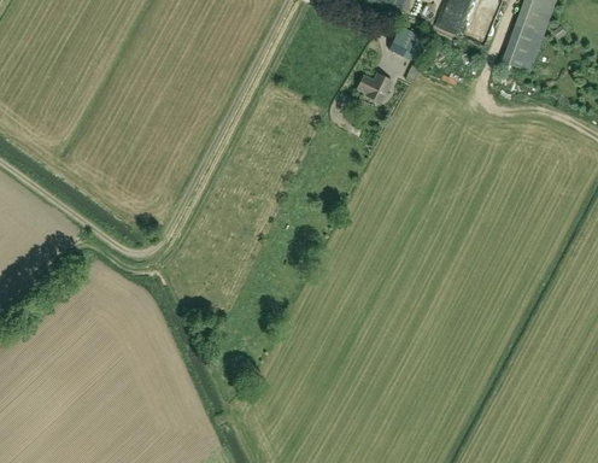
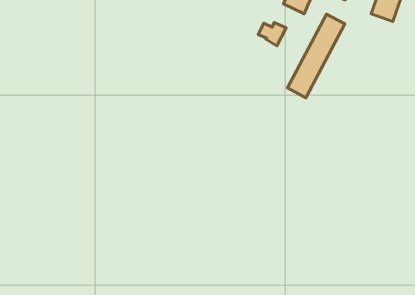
building: none -> [287,14,345,98]

